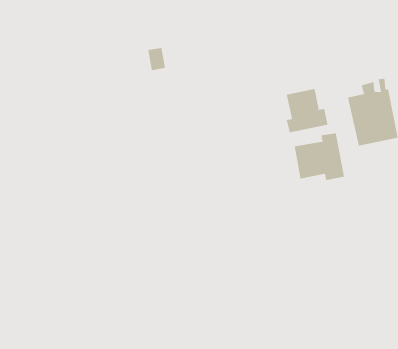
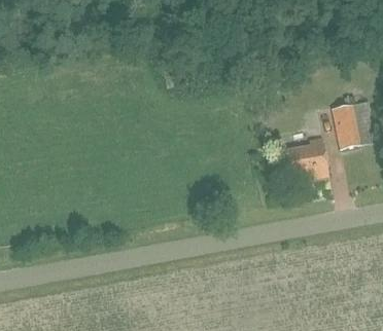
building: [286,88,328,133] -> none

